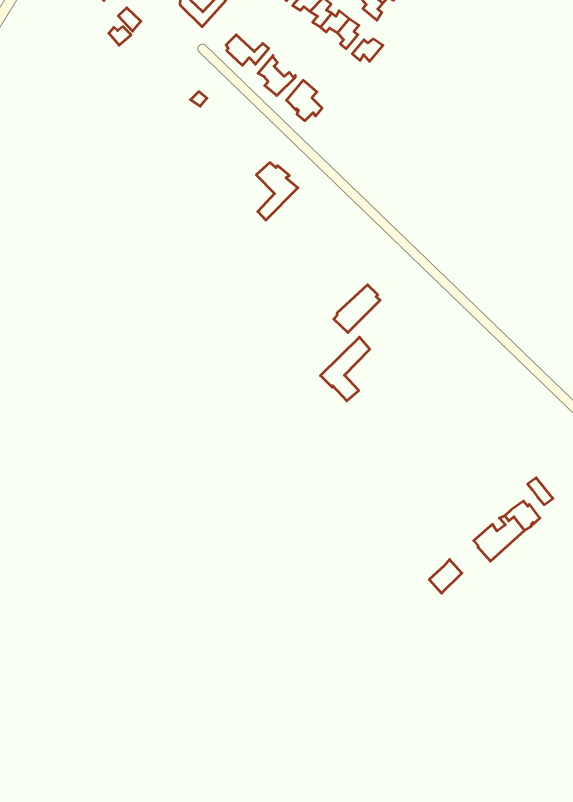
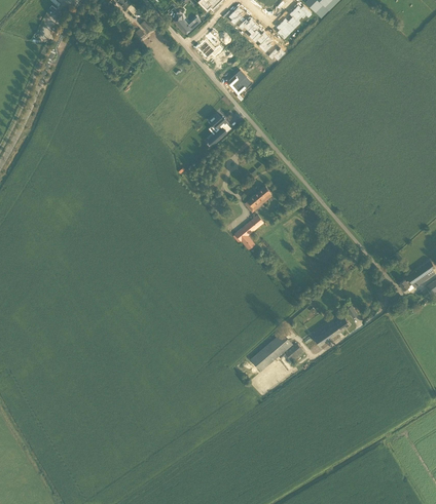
building: none -> [251,331,293,370]

